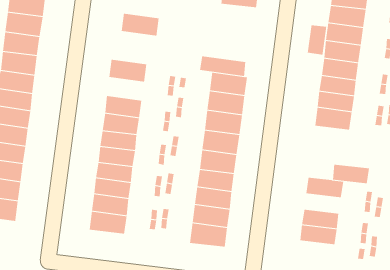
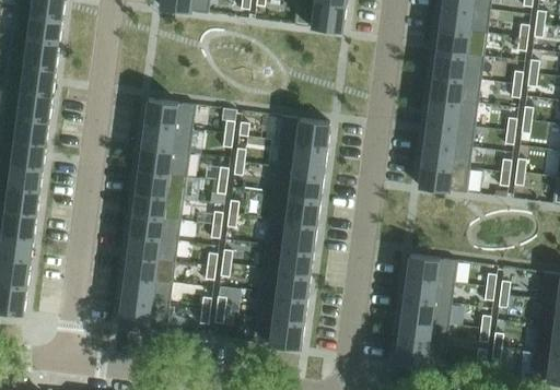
building: [121,13,160,36] -> [142,122,194,153]
building: [307,24,327,56] -> none
building: [199,55,246,77] -> none
building: [332,164,370,184] -> [405,276,455,303]
building: none -> [396,339,446,366]

